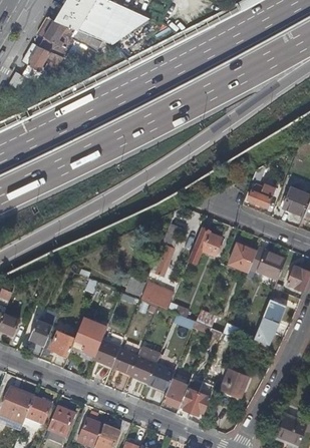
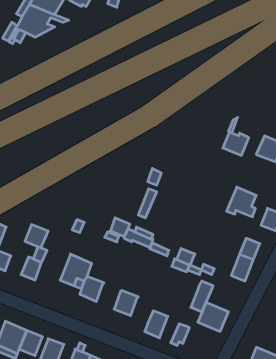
building: [188,226,222,262] -> none
building: [227,242,257,272] -> none
building: [48,329,73,354] -> [25,225,48,248]
building: [109,347,135,374] -> none
building: [145,362,173,390] -> none
building: [178,377,202,410] -> [191,281,213,312]

